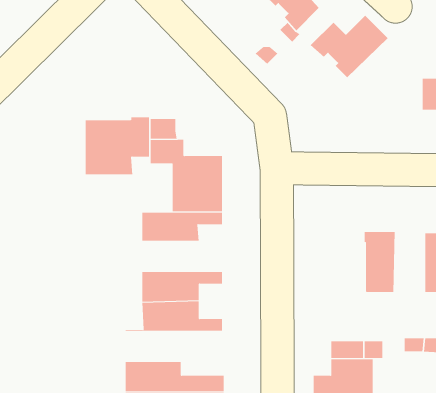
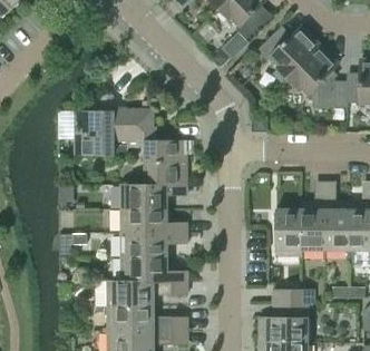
building: none -> [286,46,347,108]
building: none -> [324,202,349,251]
building: none -> [120,209,186,234]
building: none -> [275,211,301,256]
building: none -> [107,282,186,306]

